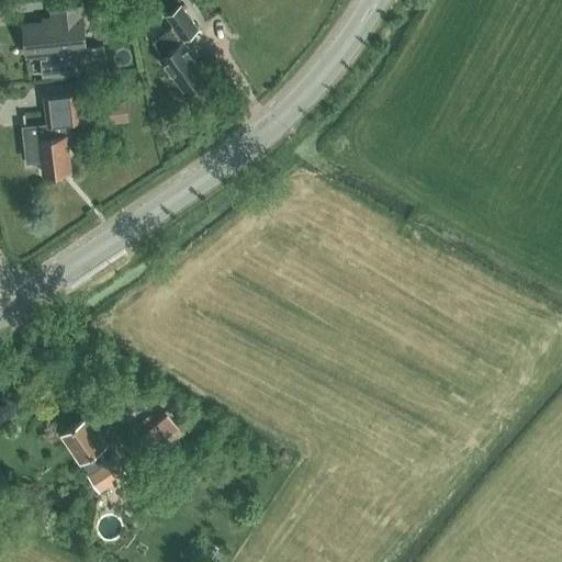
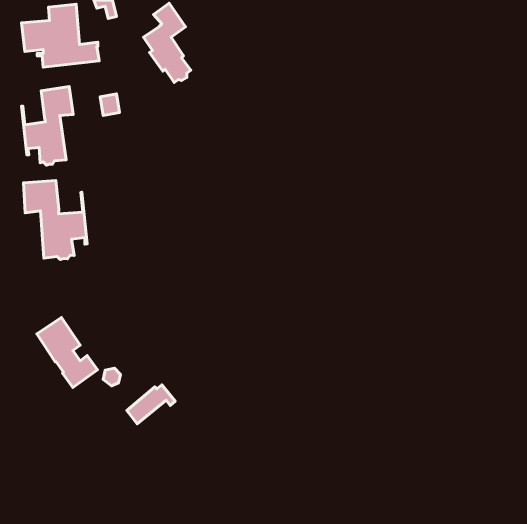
building: none -> [23,181,87,259]
building: [60,418,125,493] -> [37,317,98,388]

